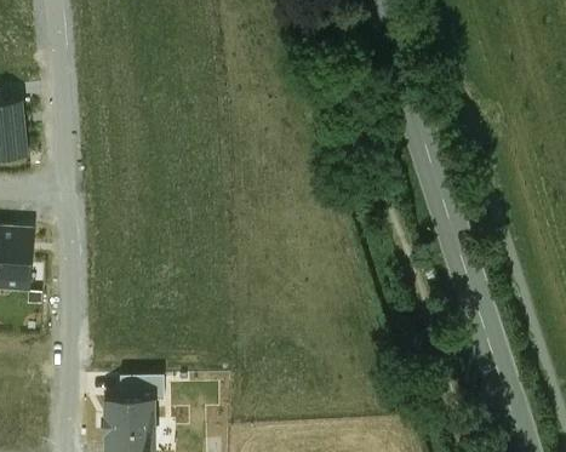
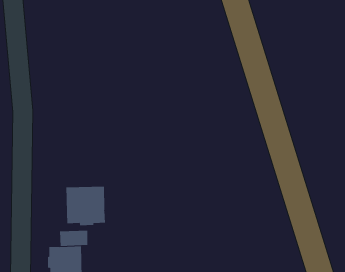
building: none -> [66,186,105,226]

